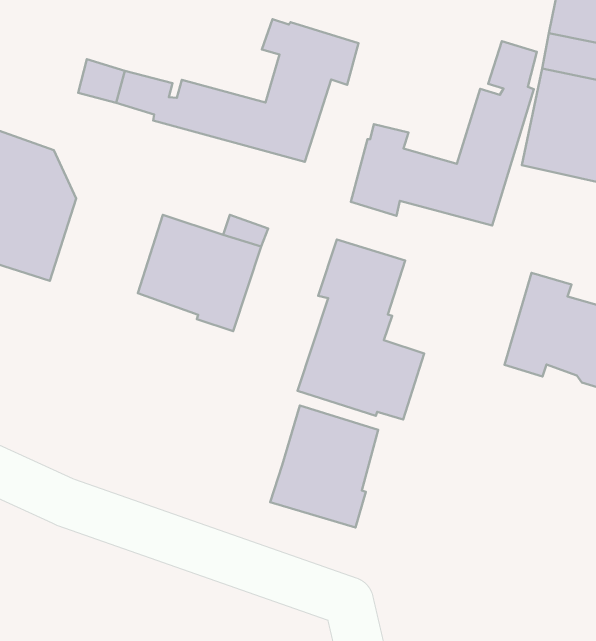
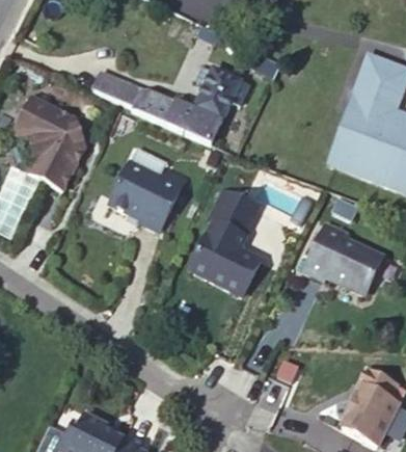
building: [351,41,537,226] -> none
building: [270,406,378,527] -> none

